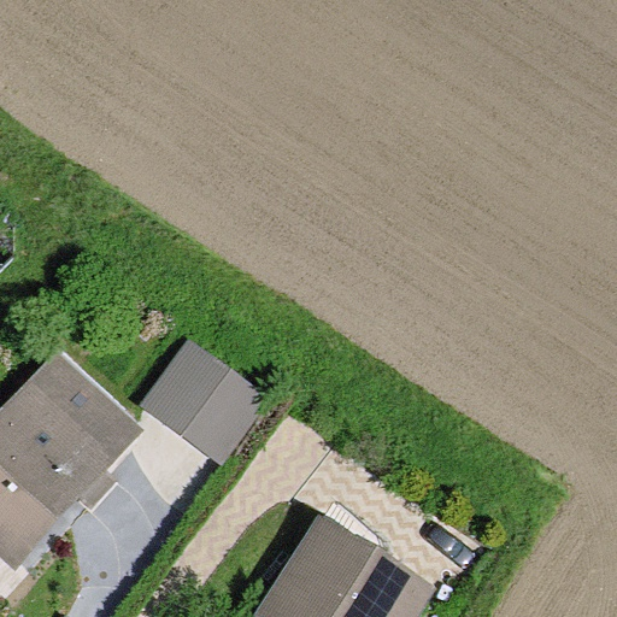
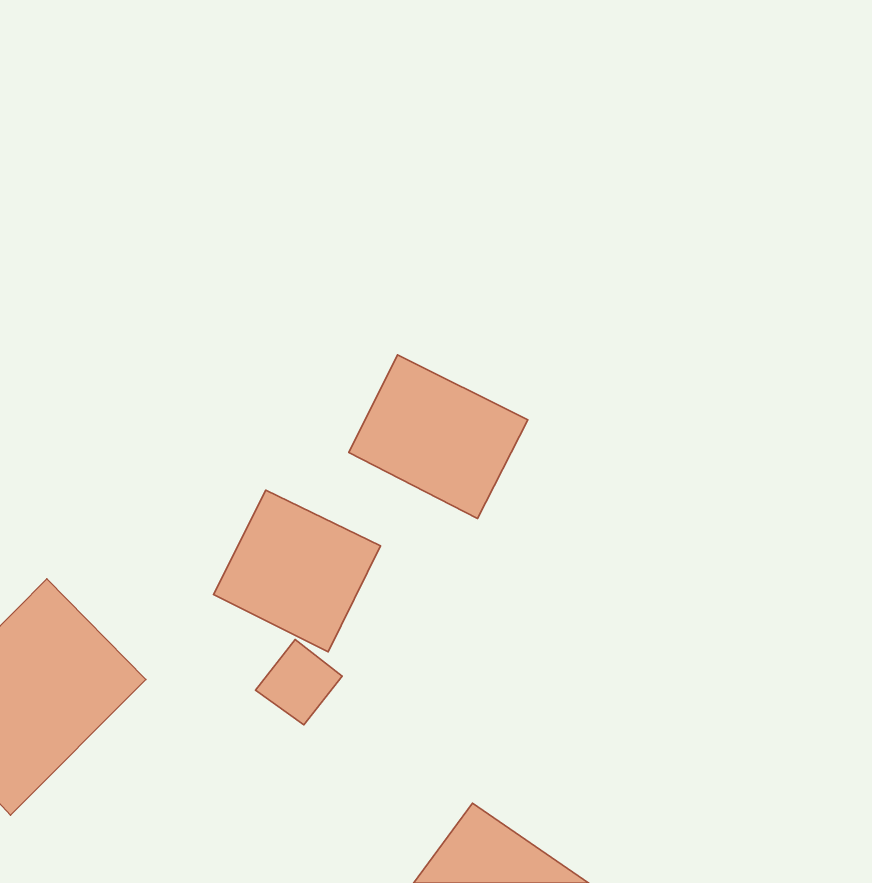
building: none -> [349,355,528,519]
building: [33,369,136,471] -> none

